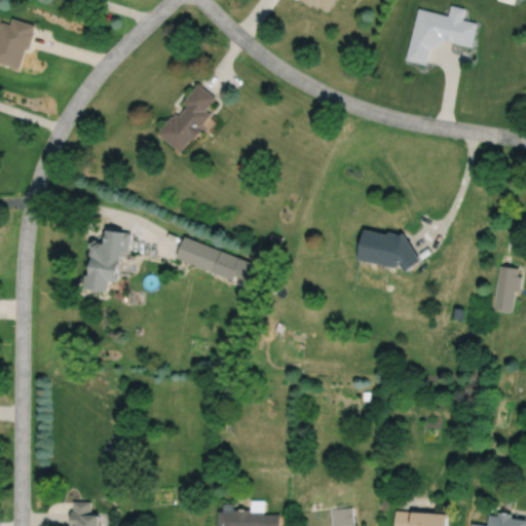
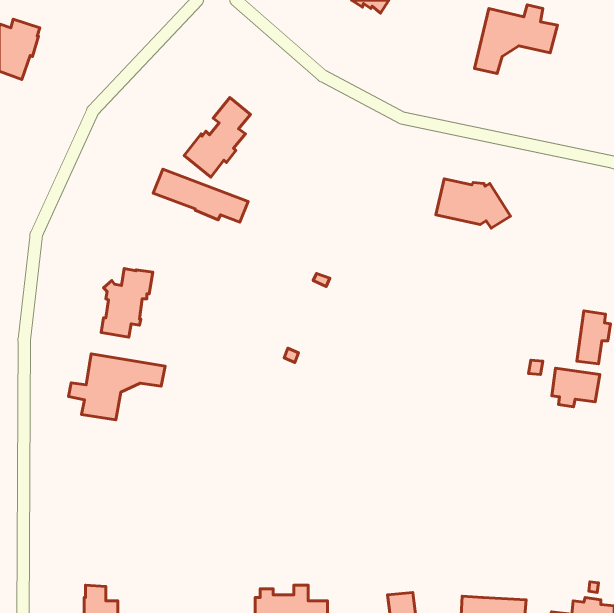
building: [355,231,419,273] -> [436,179,510,228]
building: [176,239,257,285] -> [153,169,248,222]
building: none -> [69,354,165,420]
building: none -> [552,368,600,407]

